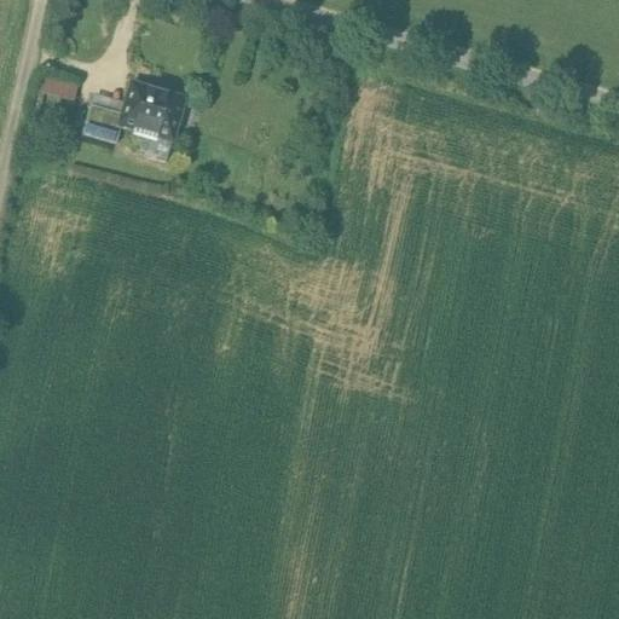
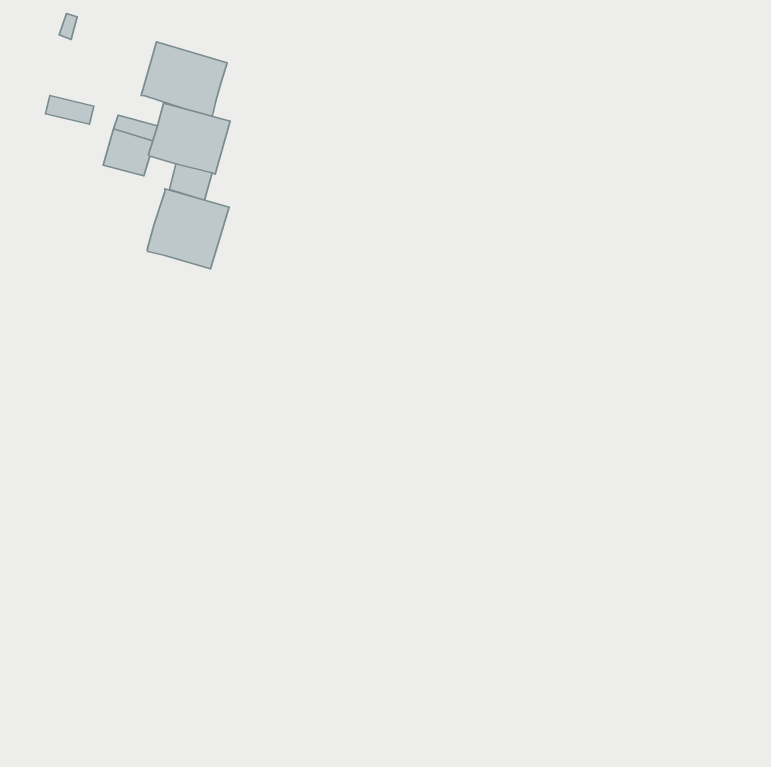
building: none -> [141,42,227,116]
building: none -> [147,189,229,269]

